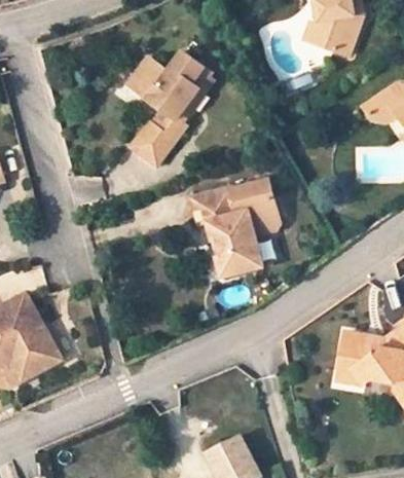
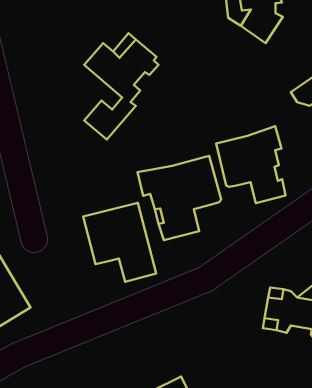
building: none -> [216,126,285,203]
building: none -> [83,203,156,282]

